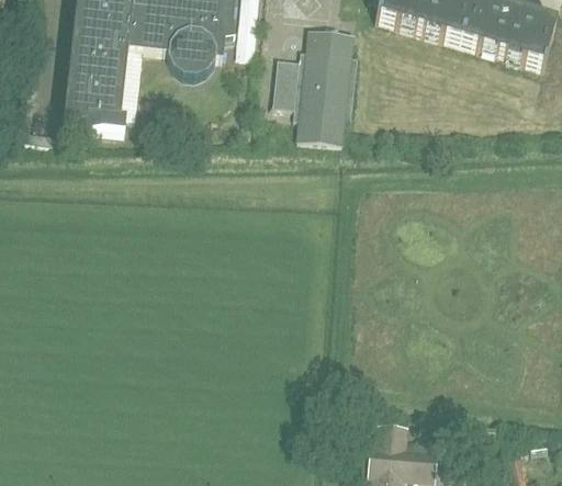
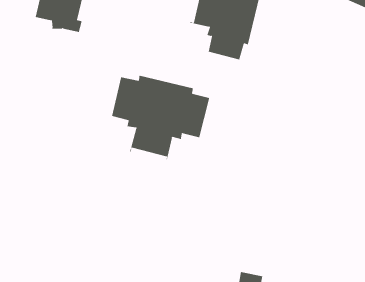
building: none -> [112,75,210,161]

